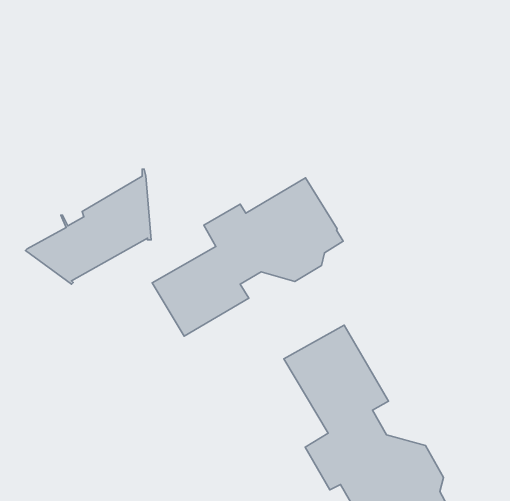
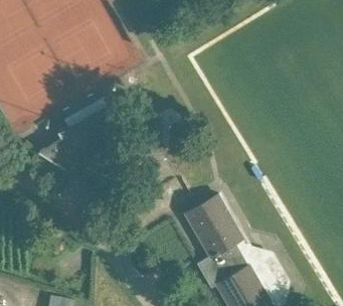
building: [152,178,343,336] -> none

